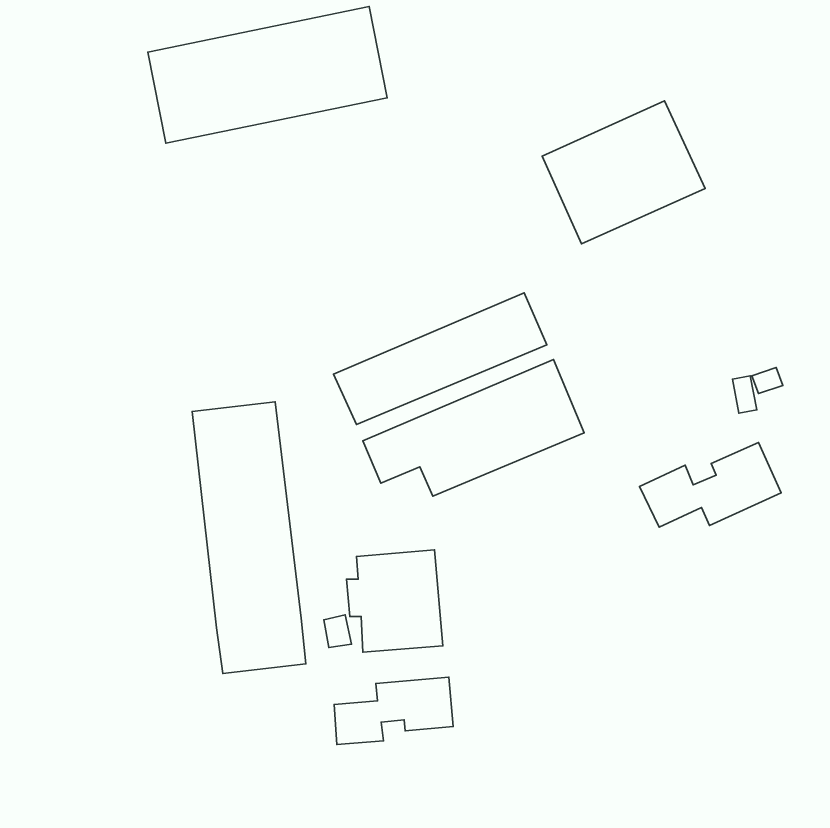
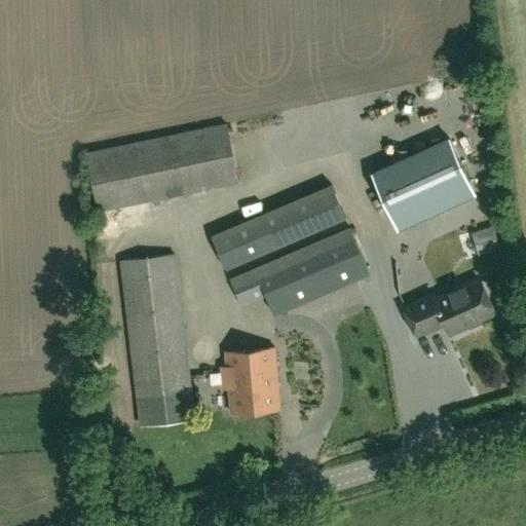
building: [148,7,387,143] -> [86,125,237,212]
building: [542,101,705,244] -> [372,141,475,231]
building: [334,677,453,745] -> none

